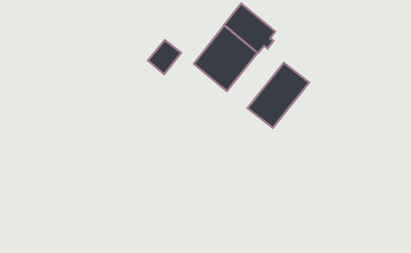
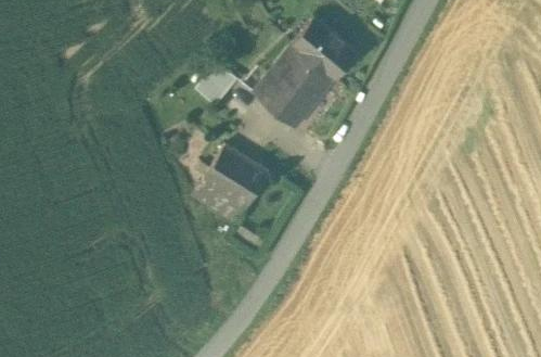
building: [247,63,309,128] -> none
building: none -> [203,144,268,224]

